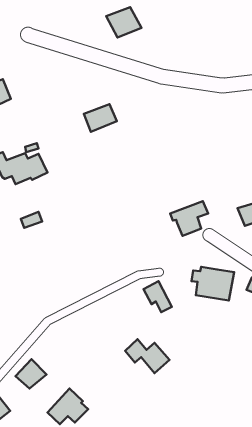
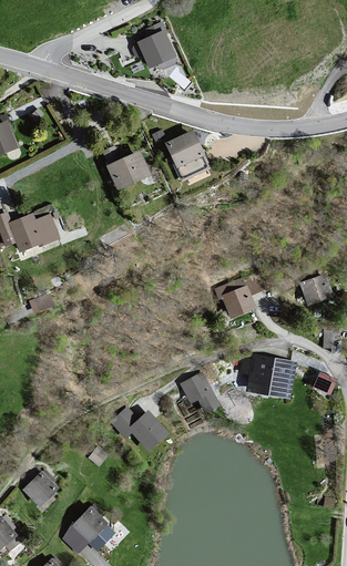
building: none -> [169,132,211,179]
building: [125,339,170,373] -> [112,408,167,450]

